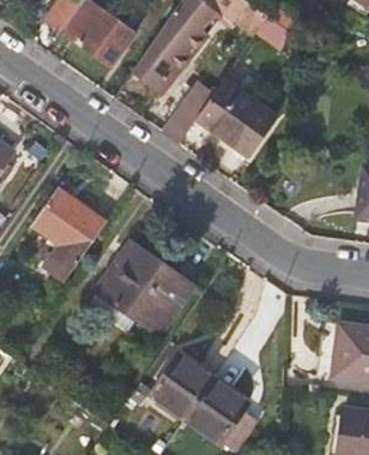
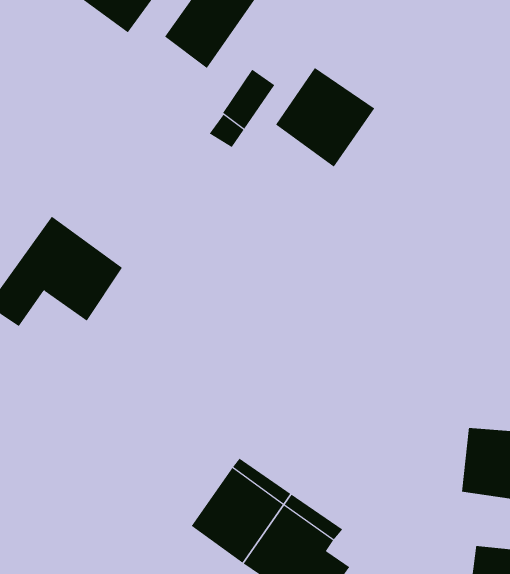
building: [97,240,193,333] -> none

